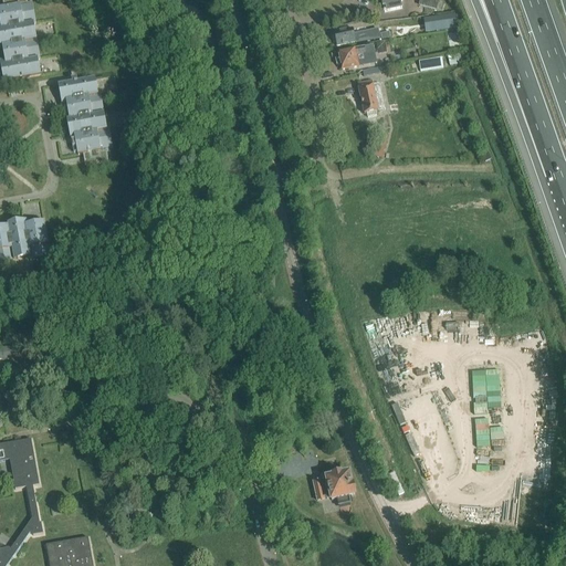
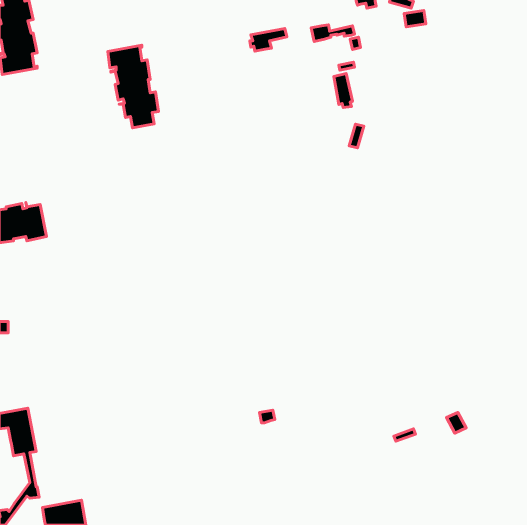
building: [335,43,375,67] -> [250,28,287,51]
building: [57,75,112,164] -> [108,45,158,128]
building: [312,471,354,503] -> none

